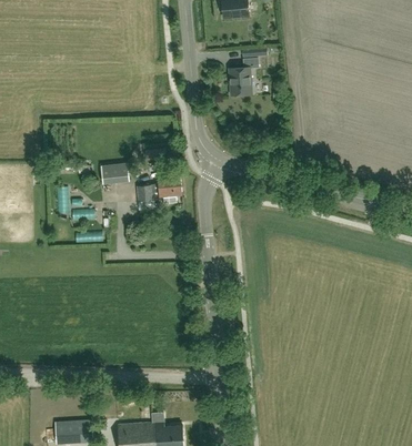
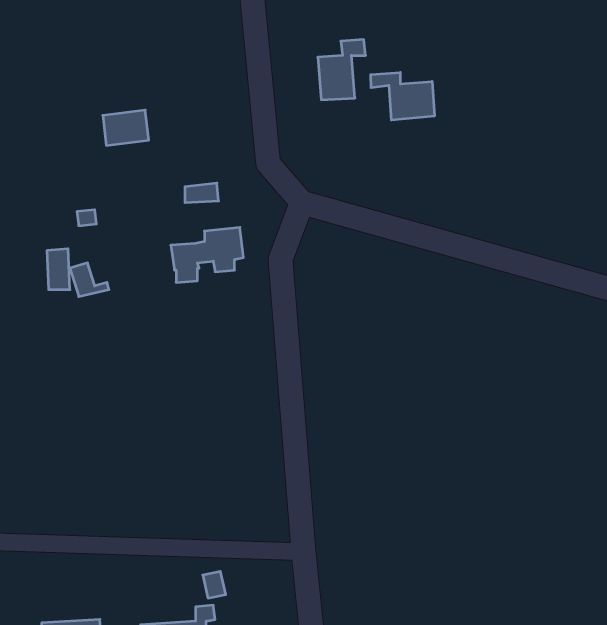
building: none -> [371,72,434,120]
building: [100,162,129,184] -> [103,110,149,145]

